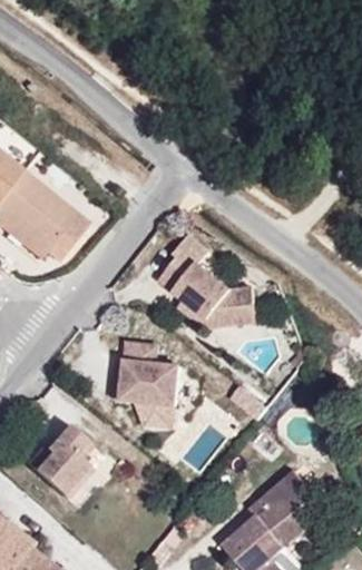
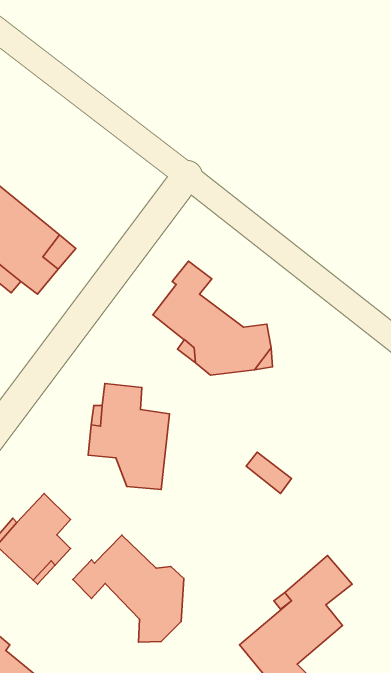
building: none -> [73,535,184,642]

